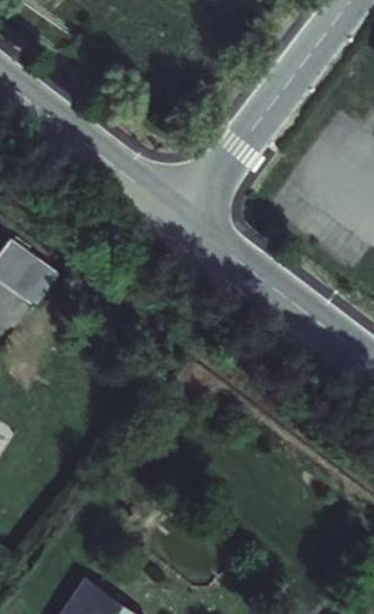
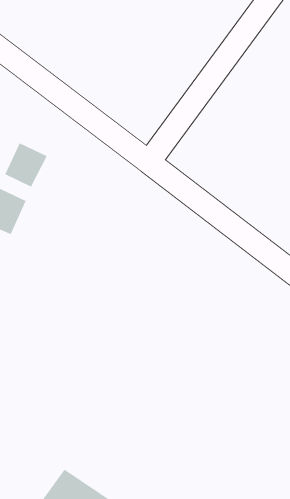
building: none -> [5,143,47,187]

